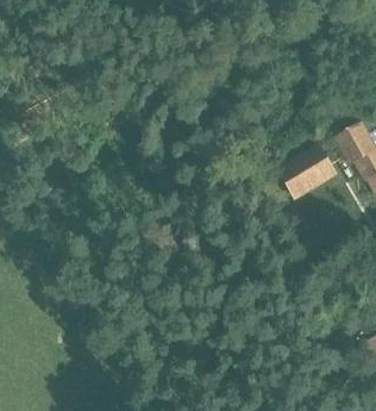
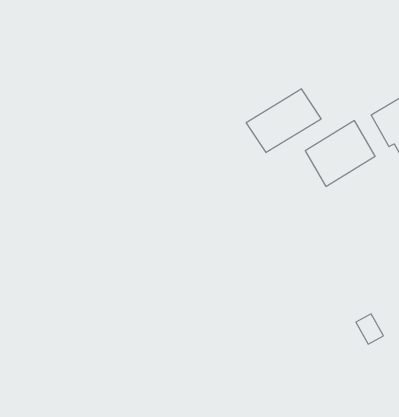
building: none -> [246,89,321,153]

